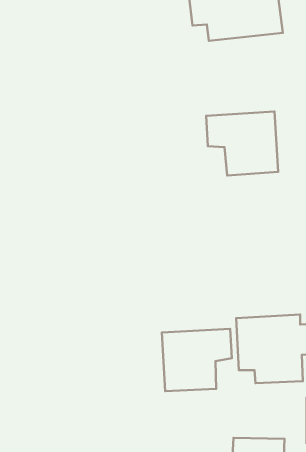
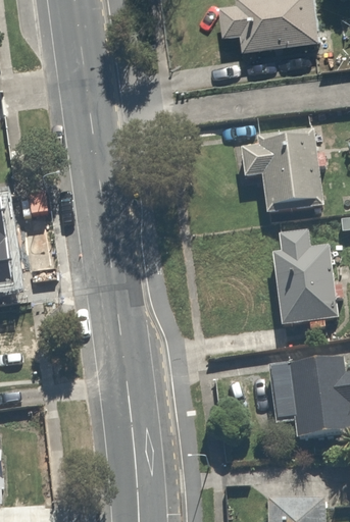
building: none -> [267,232,335,330]
building: [162,329,232,391] -> none

